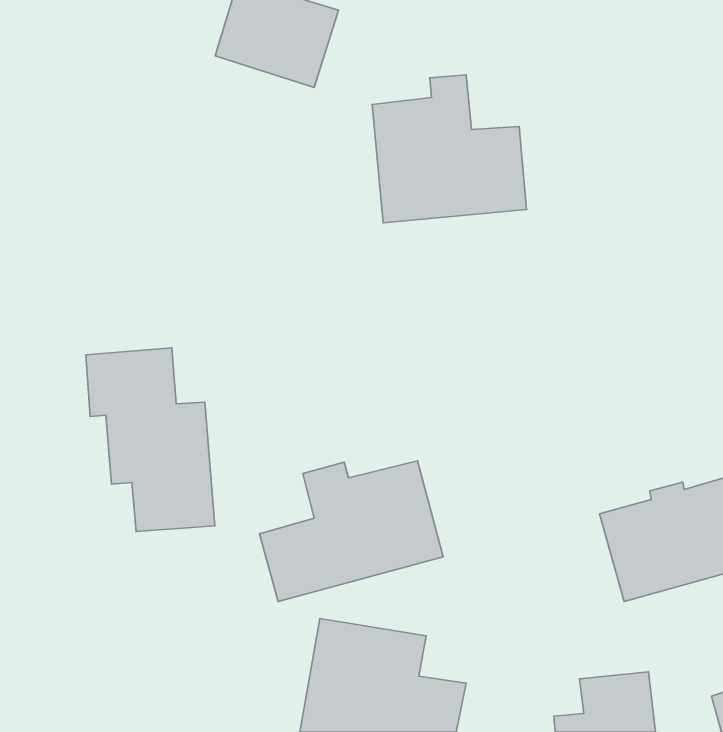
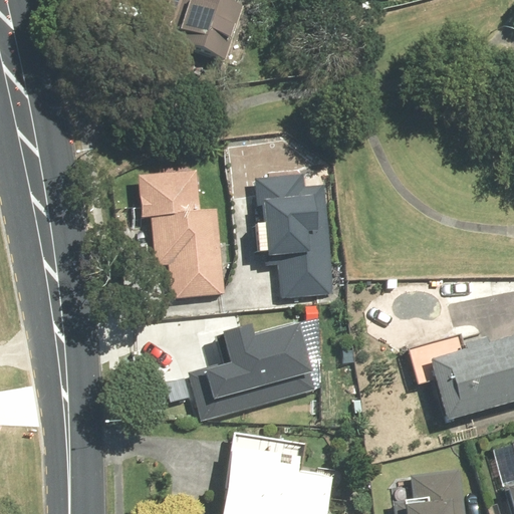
building: [372,75,526,223] -> none
building: none -> [255,174,336,299]
building: [86,348,215,531] -> [138,171,228,299]

